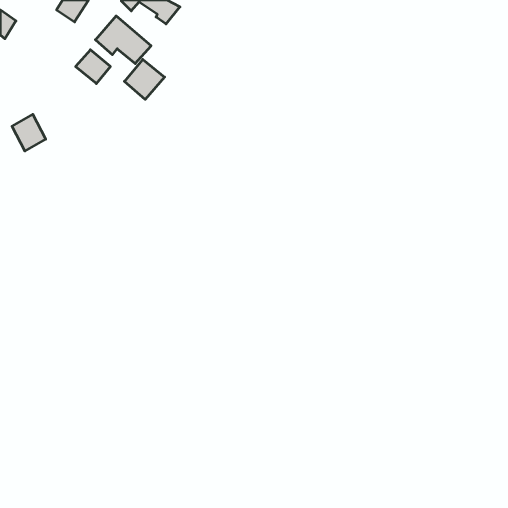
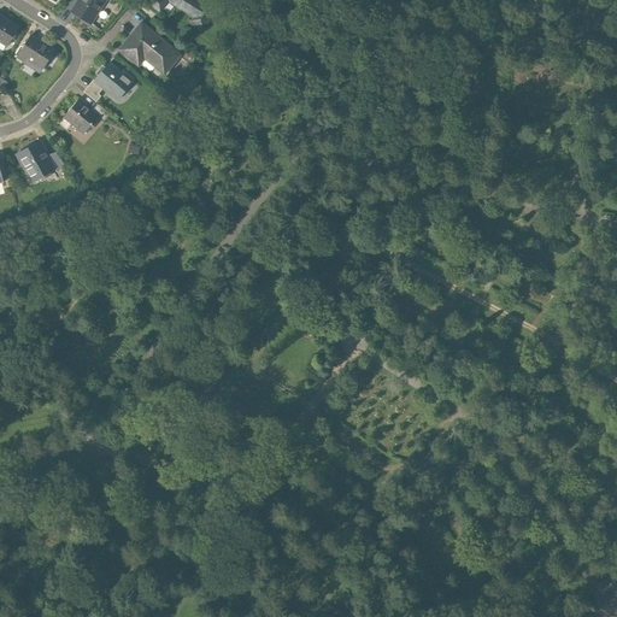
building: none -> [14,33,55,74]
building: [124,59,165,99] -> none
building: none -> [63,96,101,135]

